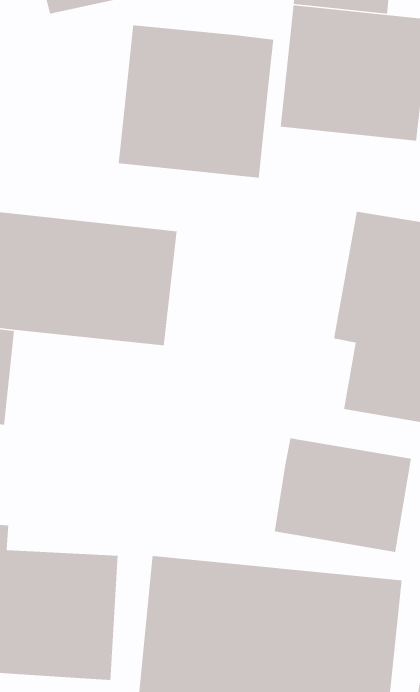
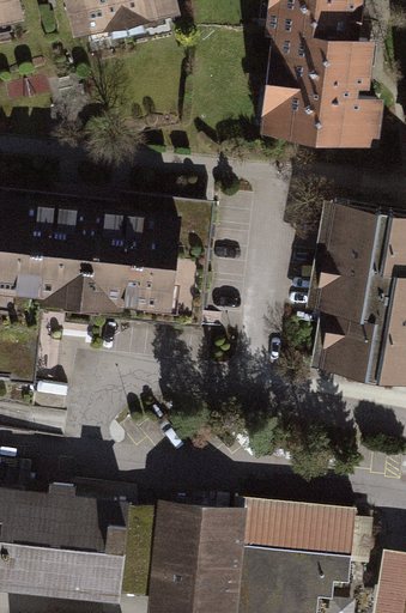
building: [118,24,274,179] -> none
building: [274,437,412,553] -> none

